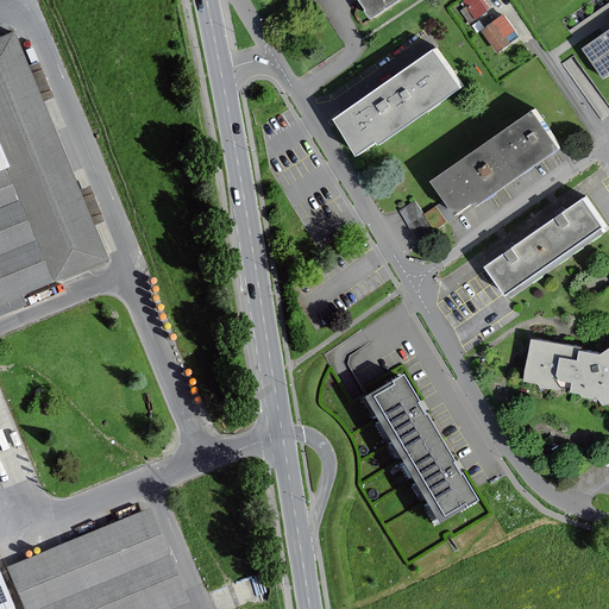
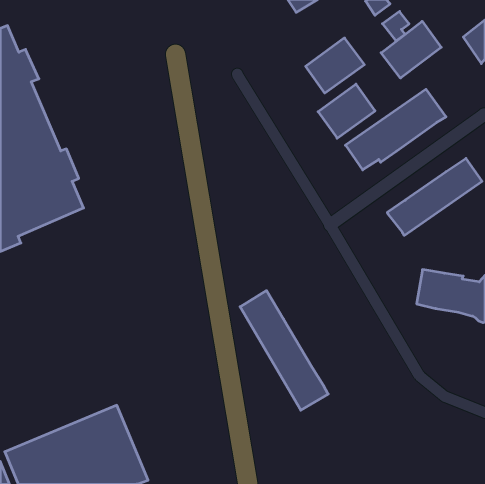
building: none -> [381,21,441,78]
building: [335,83,407,151] -> [318,84,375,138]
building: [363,373,473,523] -> [240,291,328,410]

